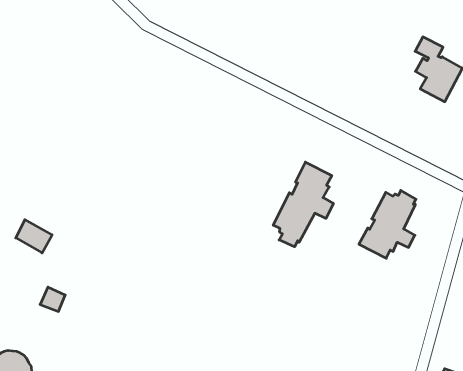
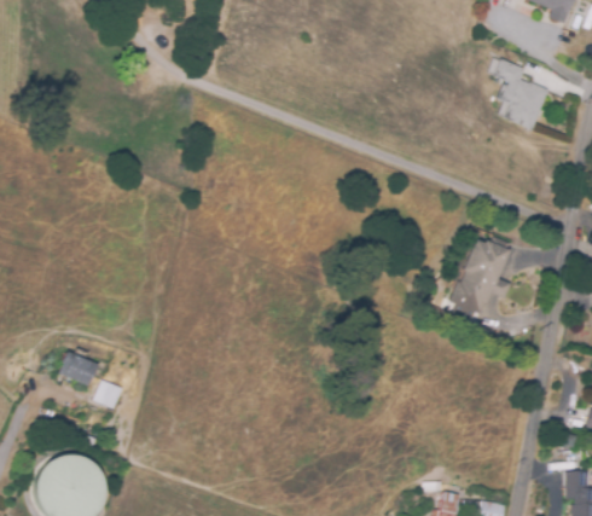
building: [273,162,333,247] -> none
building: [16,220,52,253] -> [57,350,98,387]

